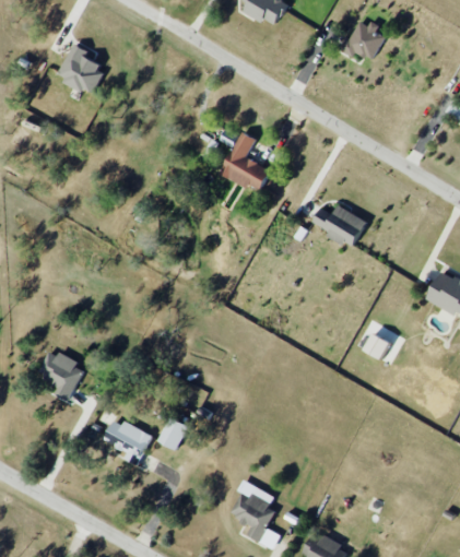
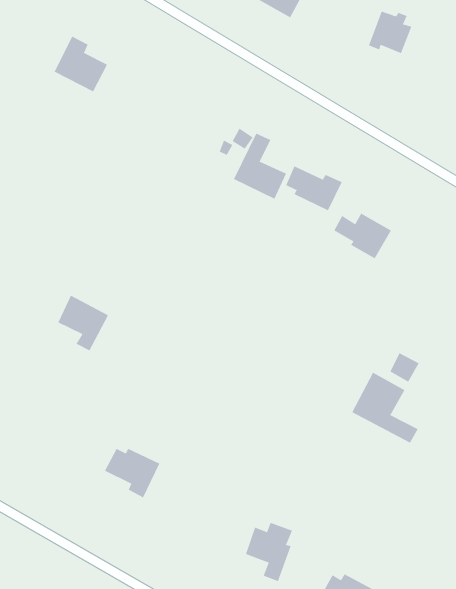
building: none -> [286,166,342,211]
building: [38,348,85,400] -> [57,295,109,351]
building: none -> [351,372,418,444]
building: [158,416,190,450] -> none

